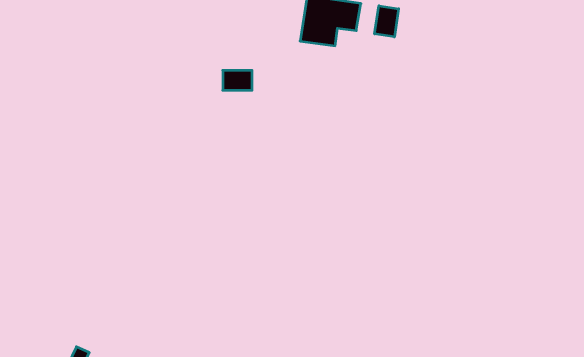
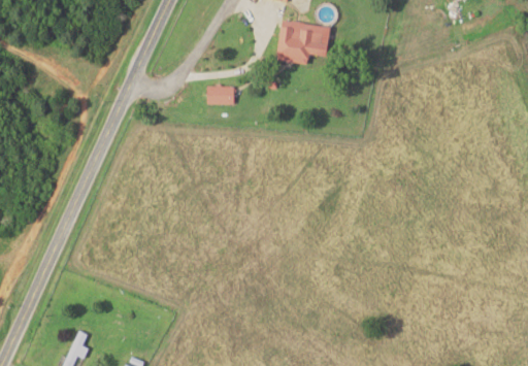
building: [375,6,399,37] -> none

